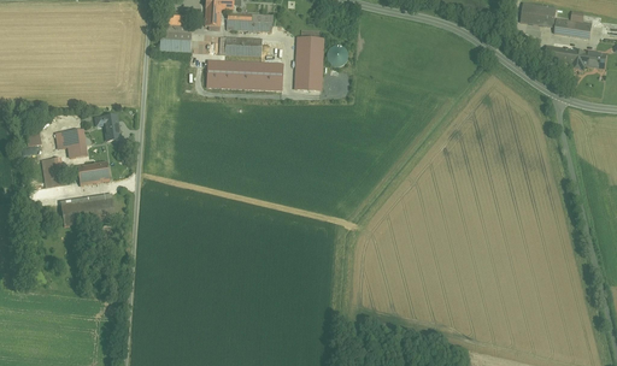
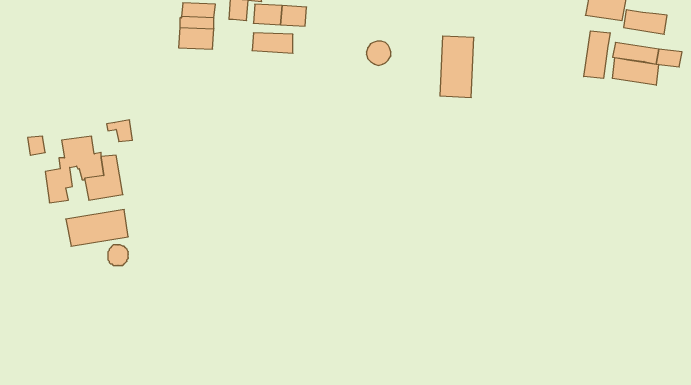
building: none -> [584,31,610,78]
building: [293,36,323,90] -> [440,36,474,97]
building: [205,59,282,92] -> none
building: none -> [612,58,659,85]

